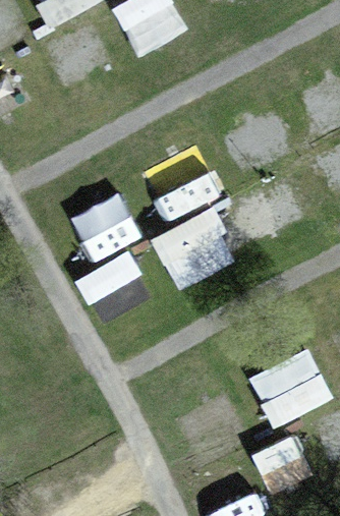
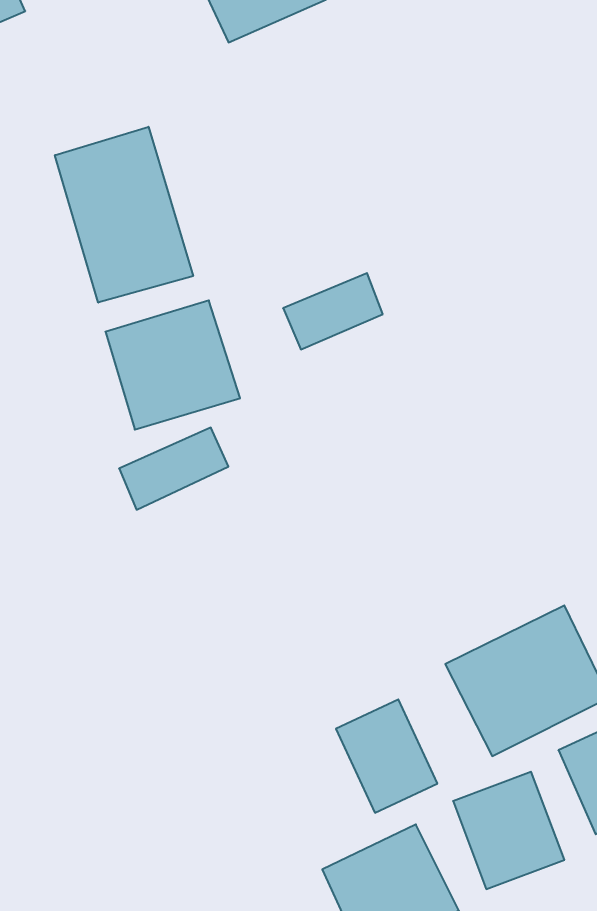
building: none -> [55,127,193,303]
building: [152,208,238,290] -> none

